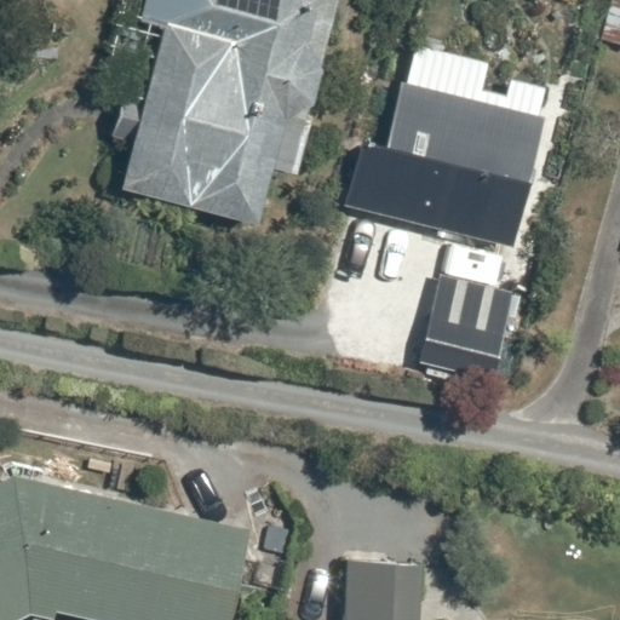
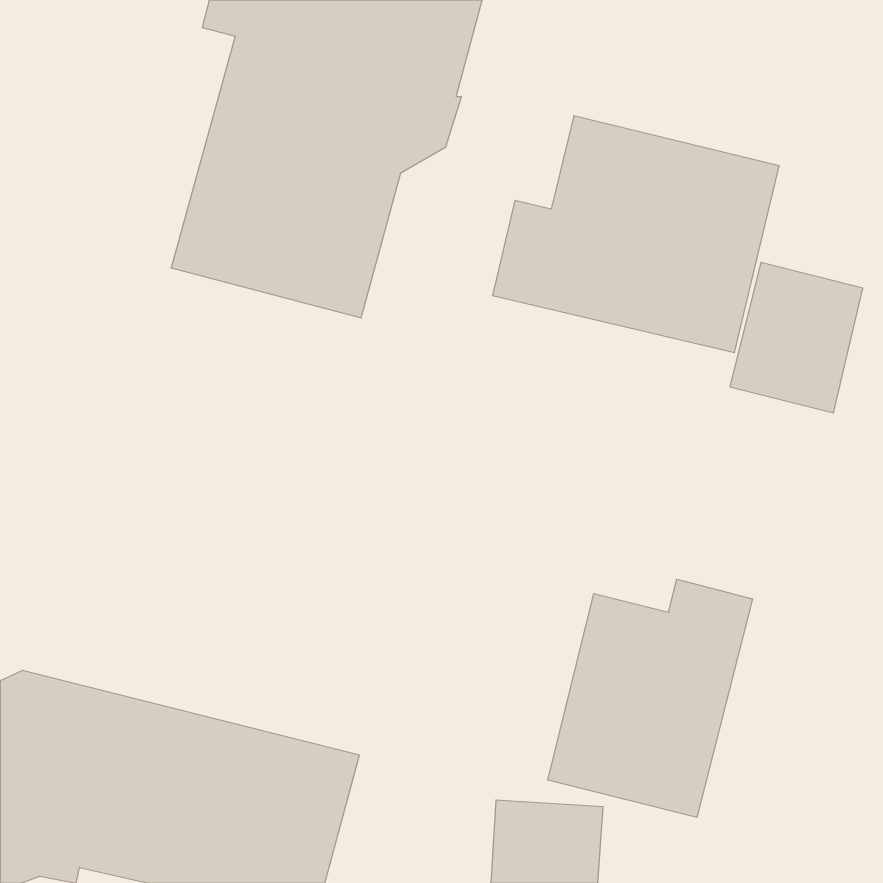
building: [420,275,513,380] -> [730,262,863,413]
building: none -> [548,579,753,817]

